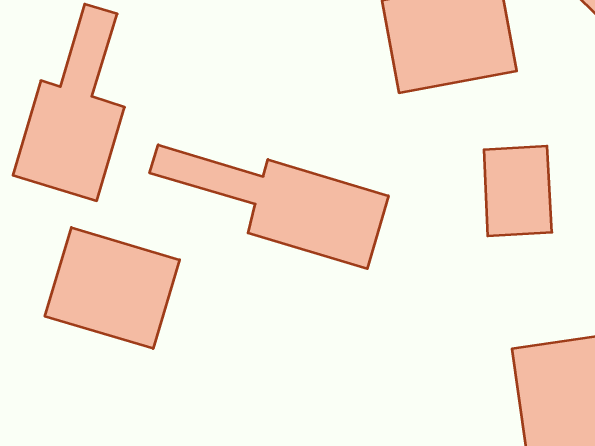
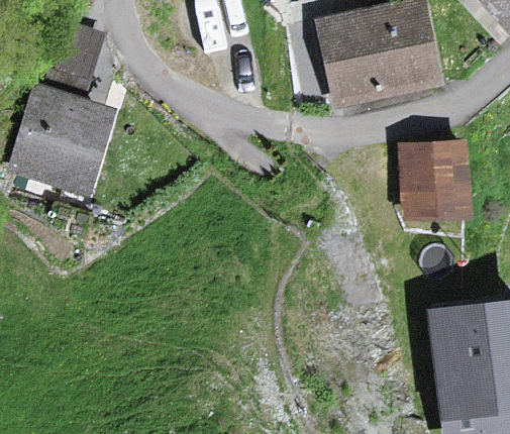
building: [150,145,388,269] -> none
building: [45,227,180,349] -> none

